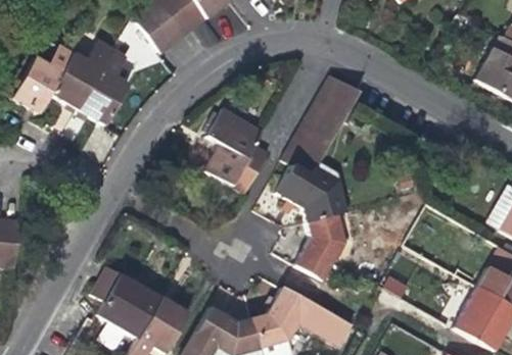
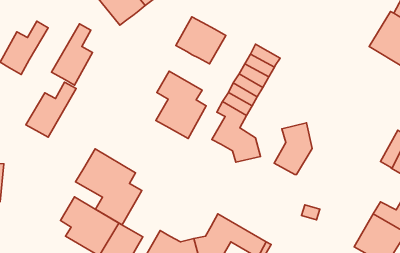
building: none -> [176,17,226,64]
building: [50,41,112,109] -> [26,82,76,137]
building: none -> [76,149,142,225]
building: [297,214,344,278] -> [274,123,312,175]

